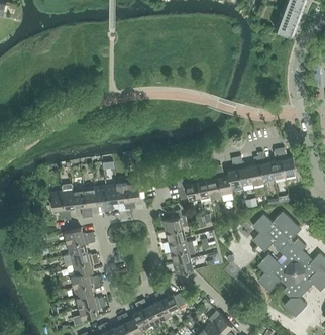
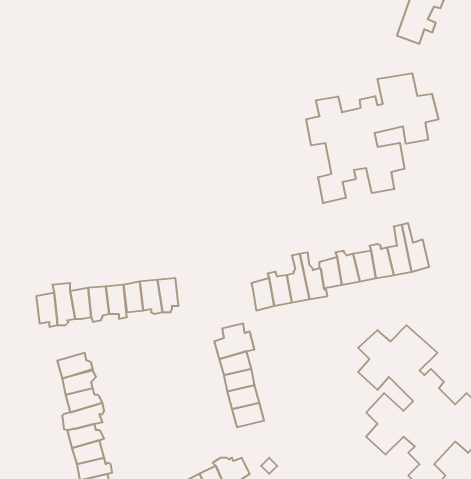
building: none -> [306,73,439,203]

